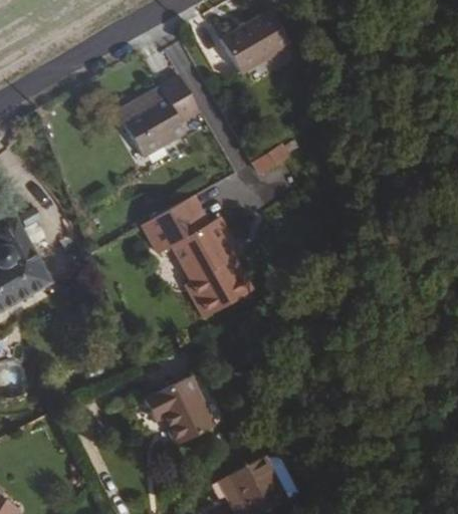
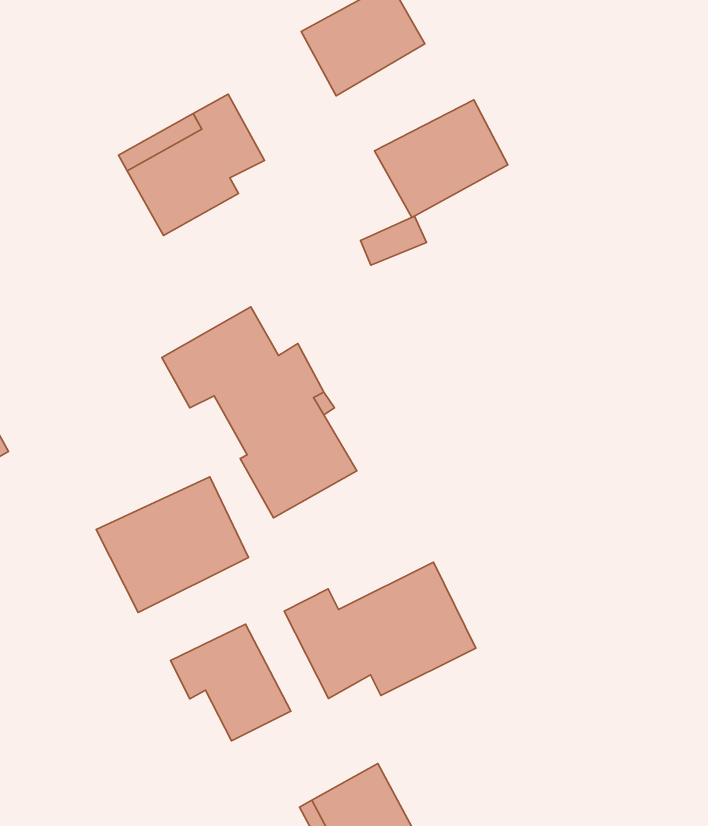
building: none -> [375,100,508,217]
building: none -> [96,477,249,613]
building: none -> [284,562,476,698]

